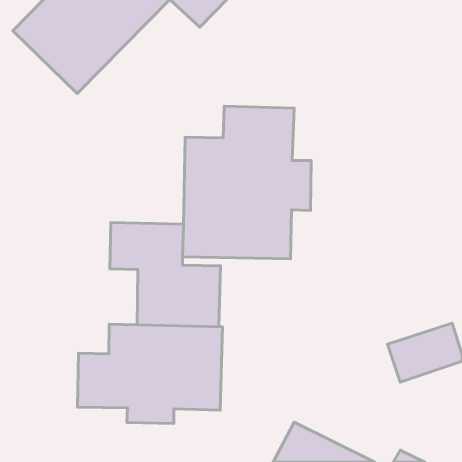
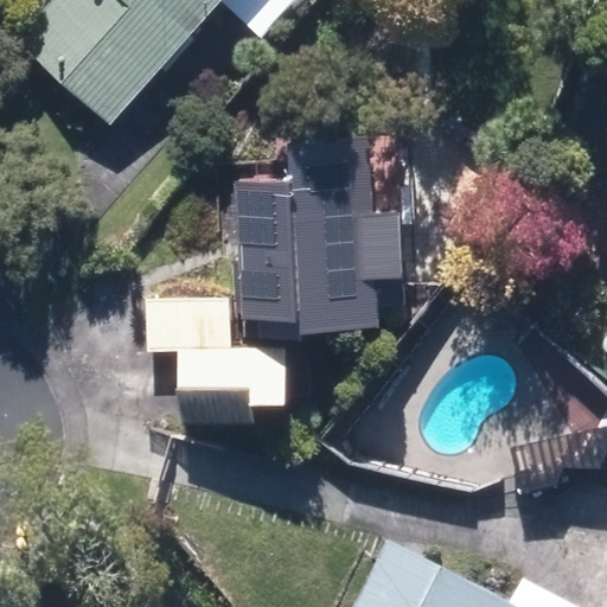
building: [78,324,223,424] -> none

